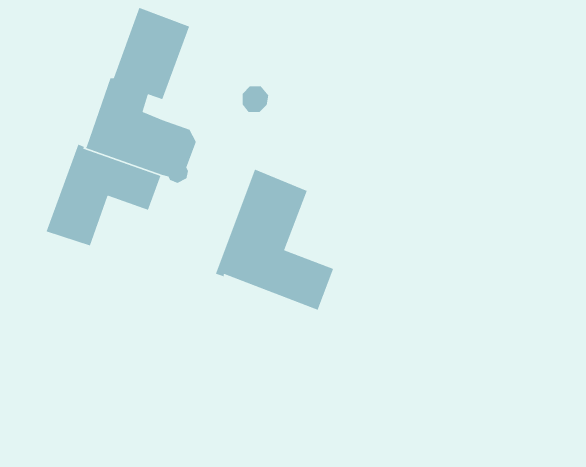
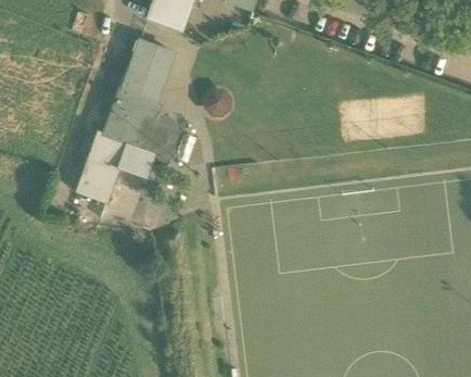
building: [215,168,334,311] -> none

